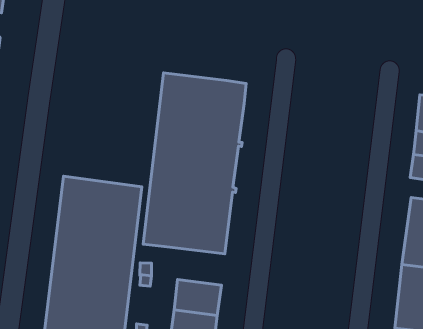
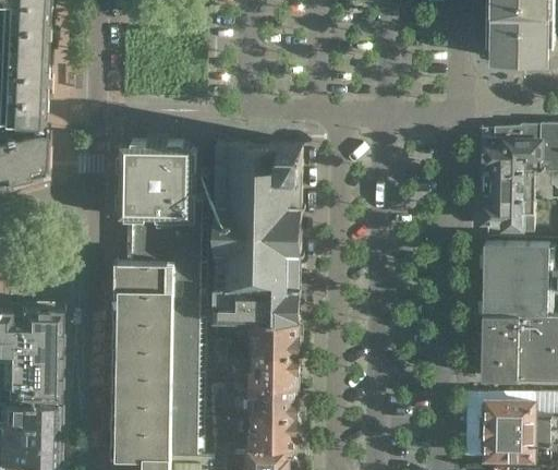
building: none -> [114,138,206,263]
building: none -> [234,322,298,355]

